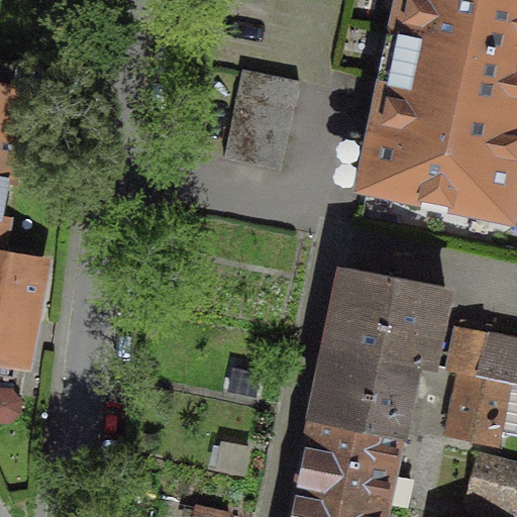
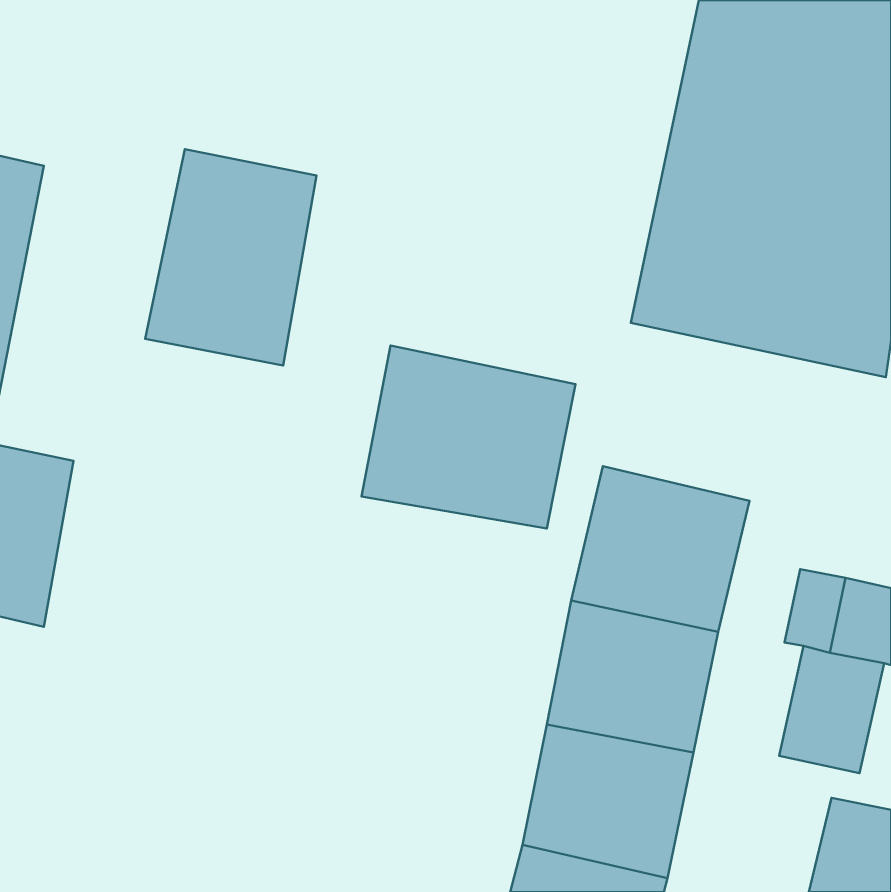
building: [228,71,301,170] -> none
building: none -> [145,149,317,366]
building: none -> [361,345,575,529]

